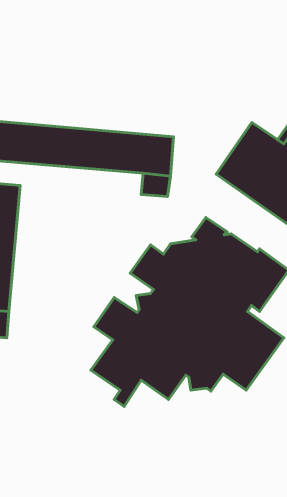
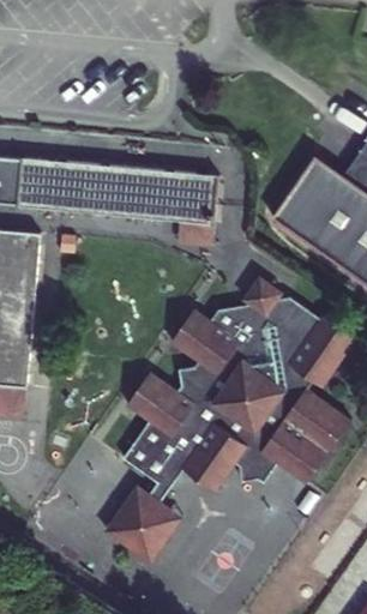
building: none -> [106,481,186,562]

